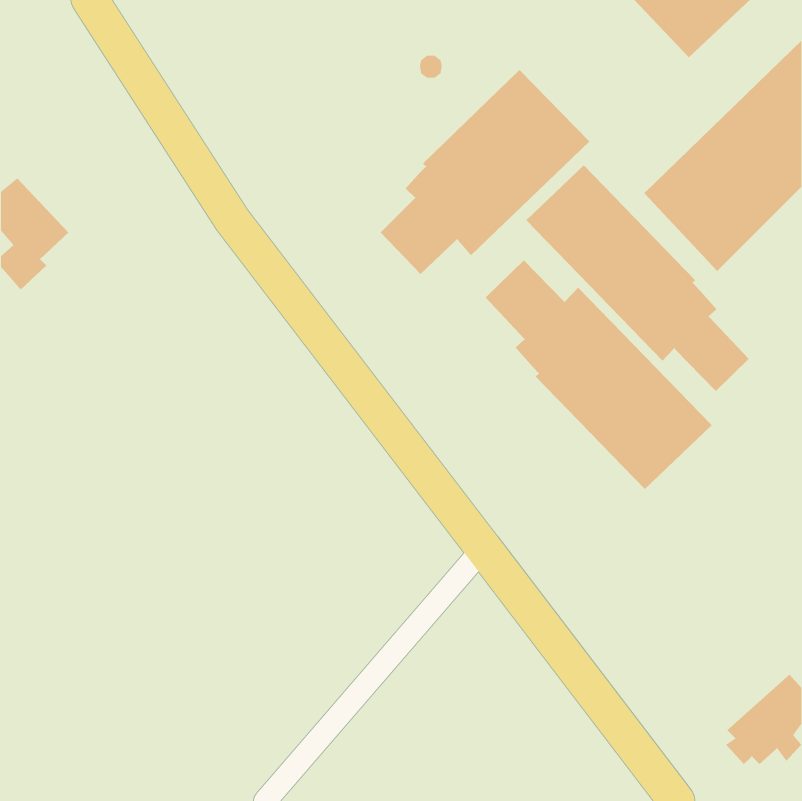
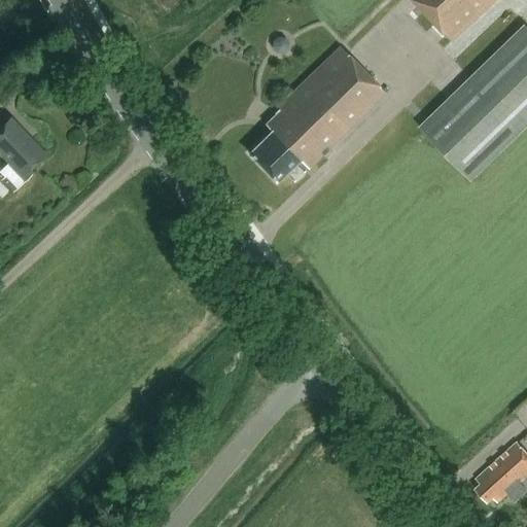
building: [525,164,749,392] -> none
building: [485,259,713,490] -> none

